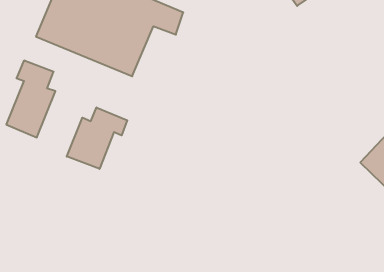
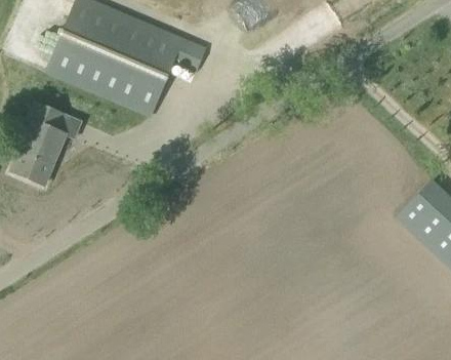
building: [67,107,127,169] -> none

